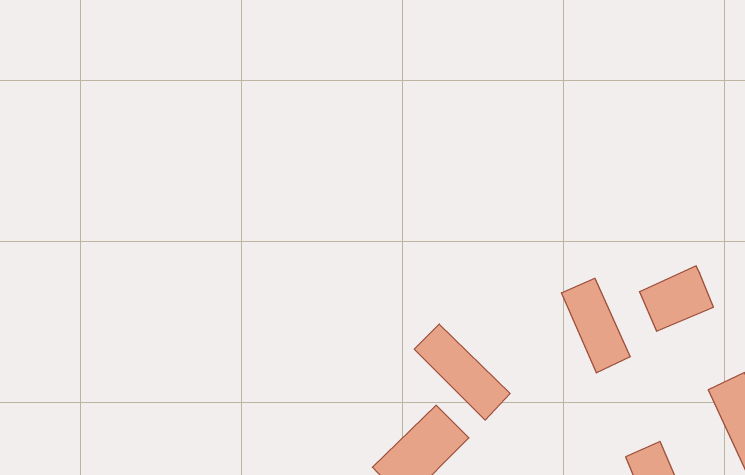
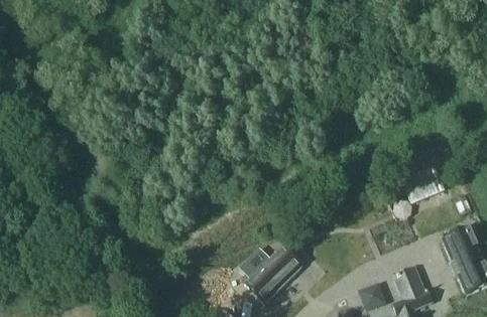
building: [562,278,630,373] -> none
building: [414,324,510,420] -> none

